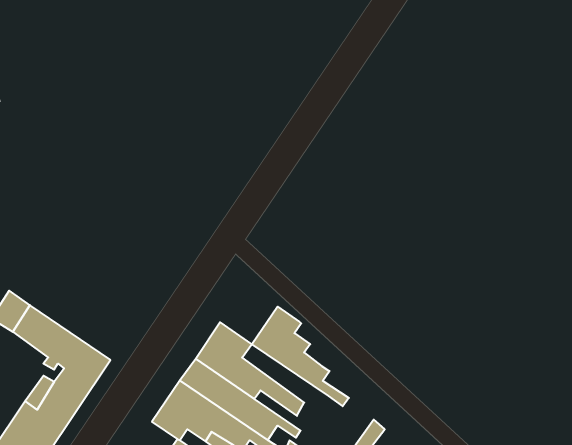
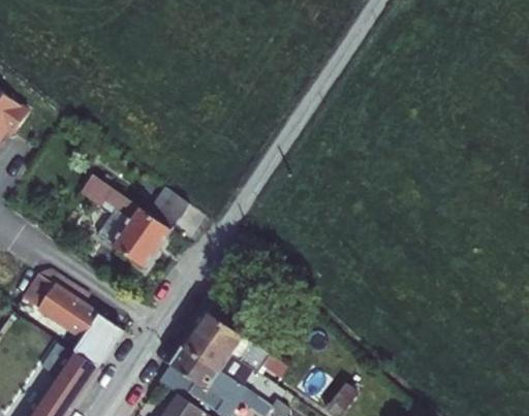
building: none -> [80,174,188,268]
building: [252,307,349,406] -> none

